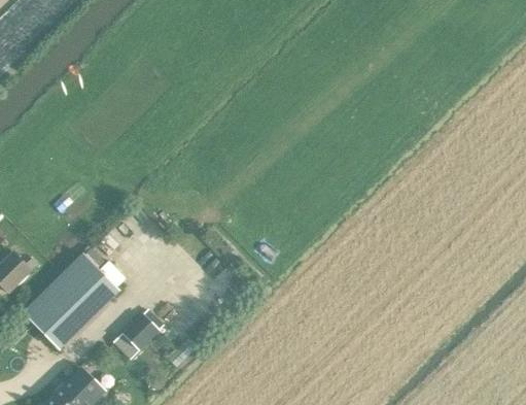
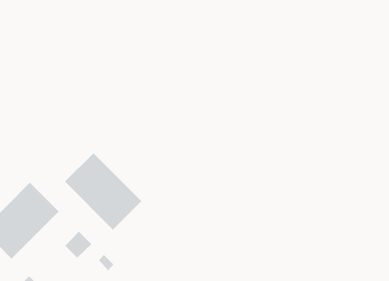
building: none -> [64,153,142,230]

